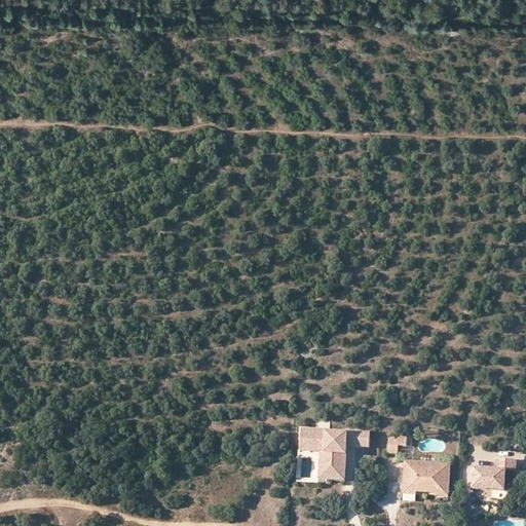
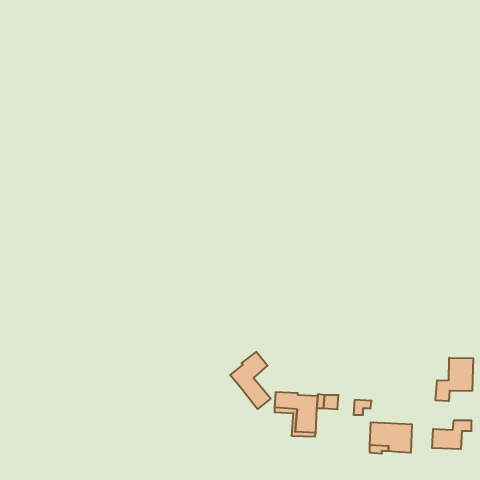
building: none -> [230,352,271,409]
building: none -> [436,358,473,401]

